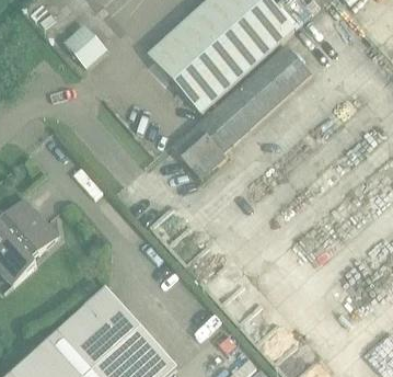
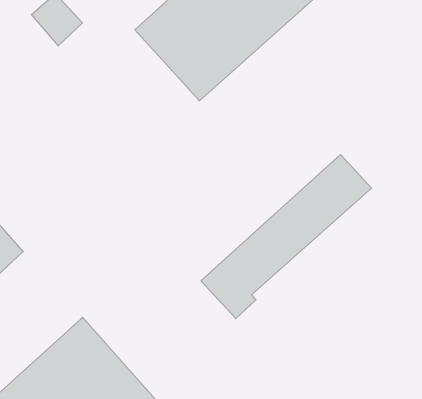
building: [172,44,311,178] -> [201,155,372,319]

